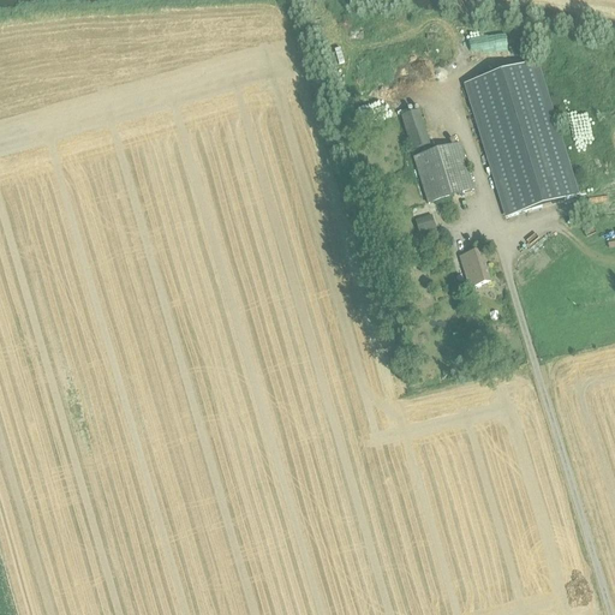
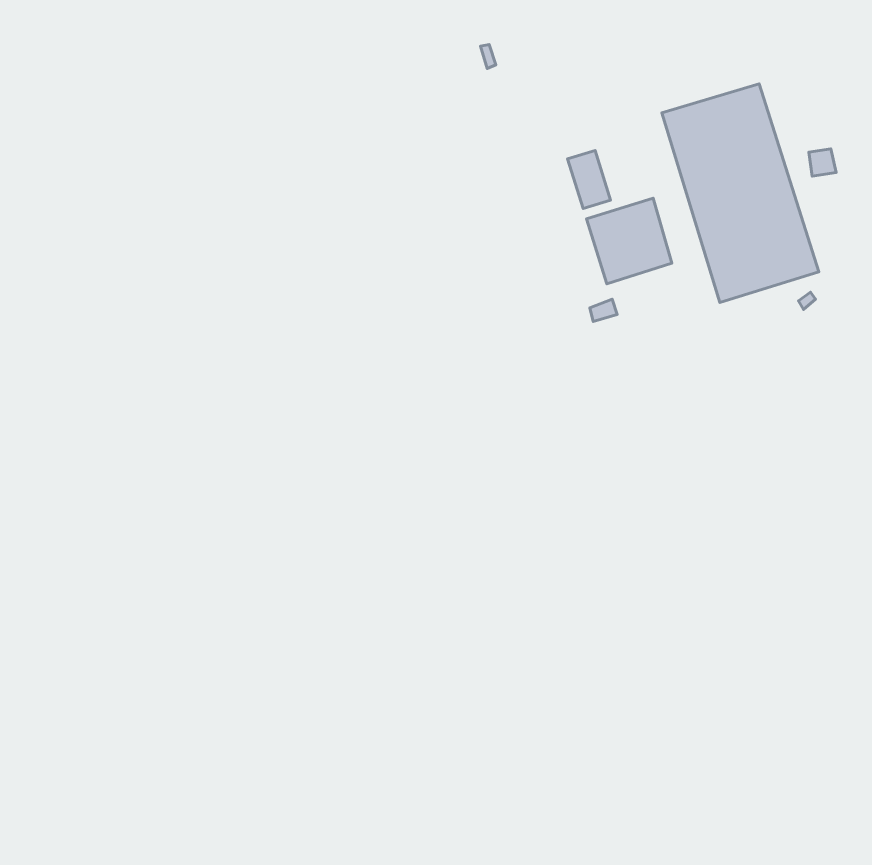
building: [458,246,489,285] -> none

